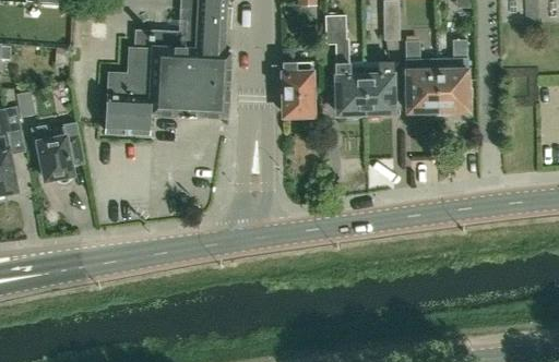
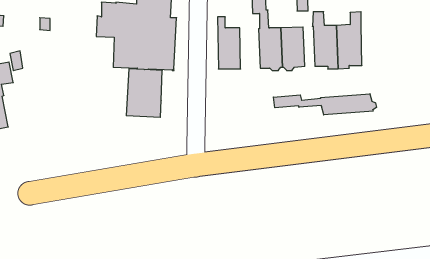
building: [105,72,151,134] -> [126,69,162,117]
building: [32,125,84,183] -> none
building: none -> [273,94,377,115]

